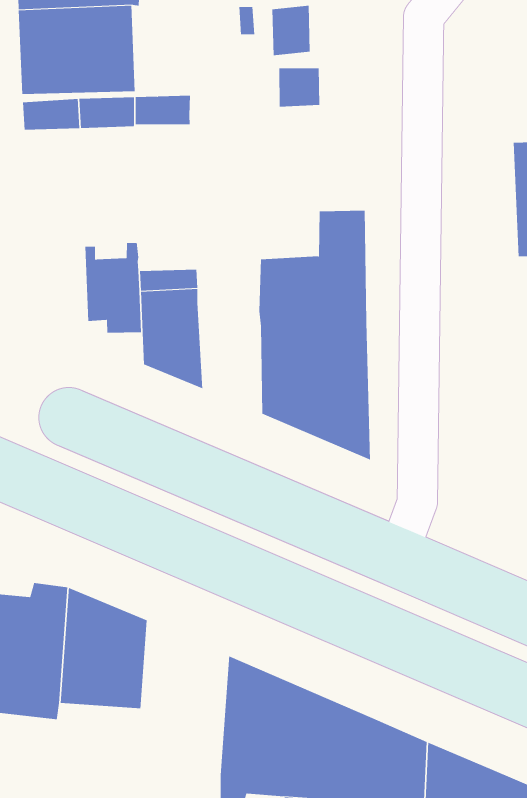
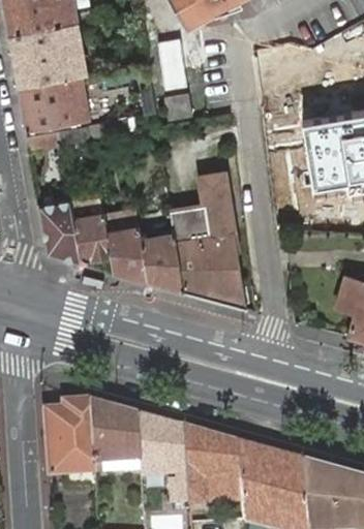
building: none -> [39,199,81,261]
building: none -> [140,231,183,289]
building: none -> [135,412,187,493]

